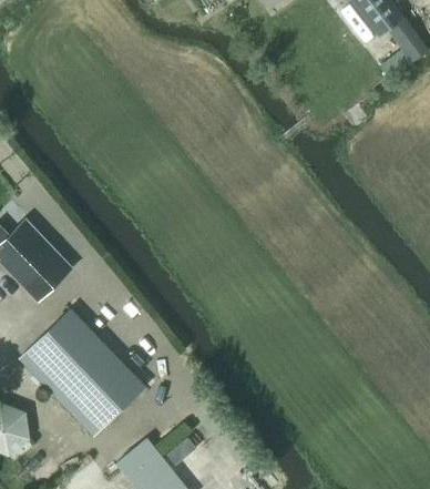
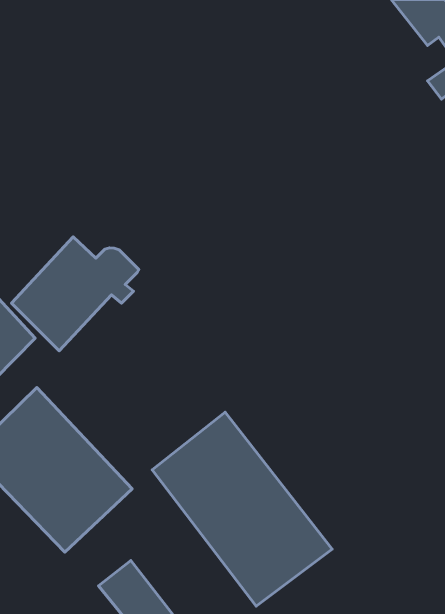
building: none -> [12,237,139,351]
building: none -> [152,412,332,606]

